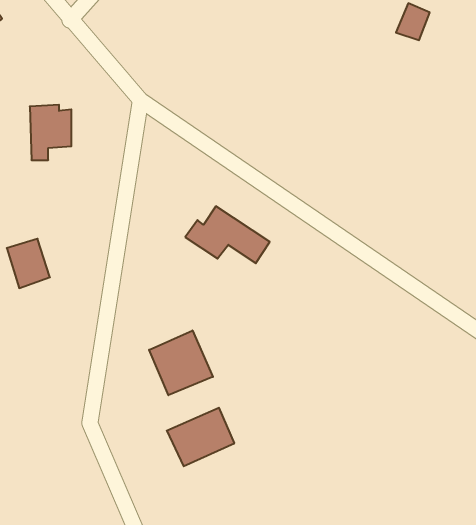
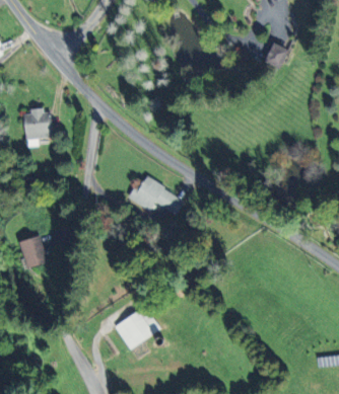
building: [7,239,50,288] -> [19,236,48,268]
building: [149,330,213,395] -> none

